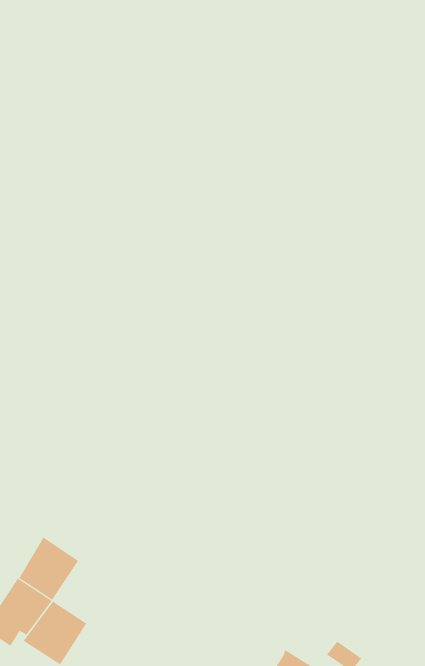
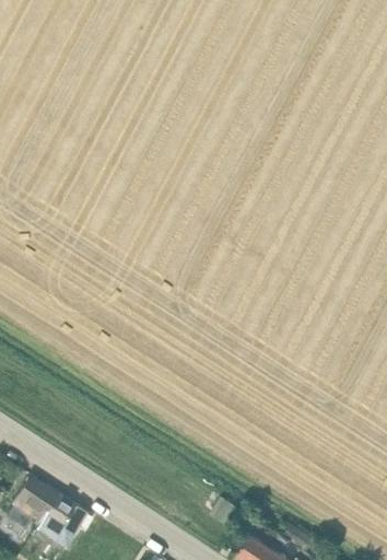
building: [19,537,79,601] -> none

